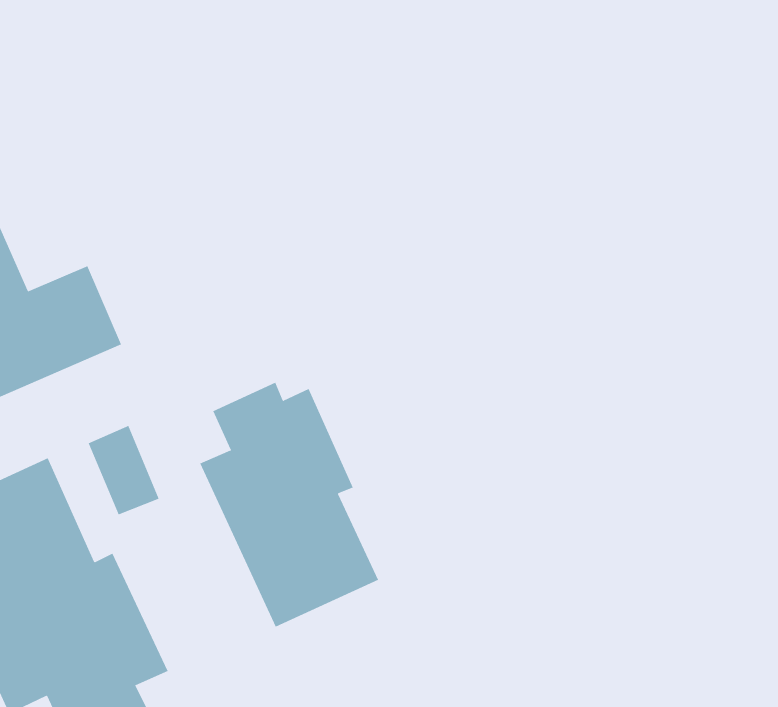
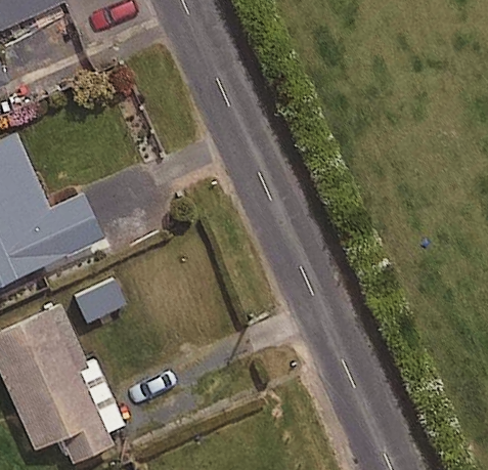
building: [200,382,379,627] -> none

